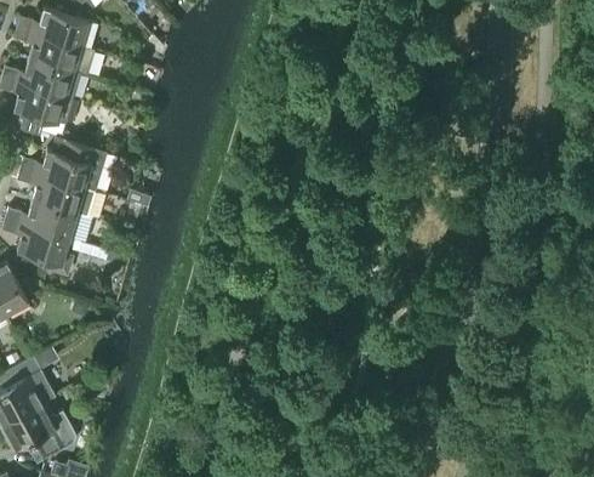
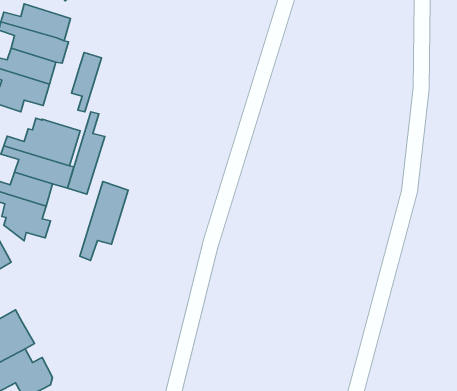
building: none -> [71,52,102,112]
building: none -> [67,112,105,194]
building: none -> [80,182,128,260]

